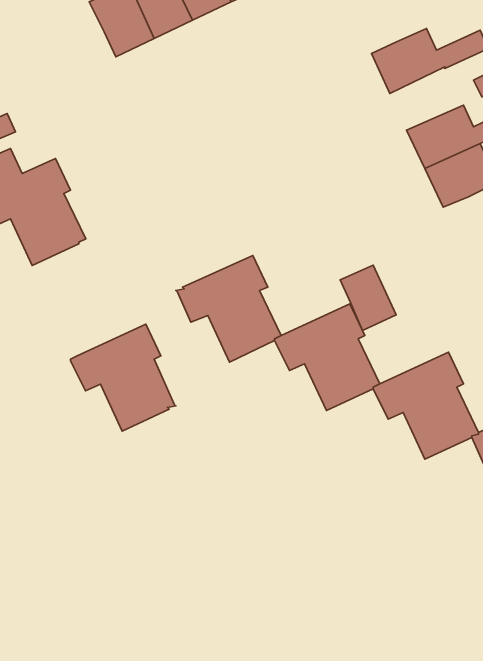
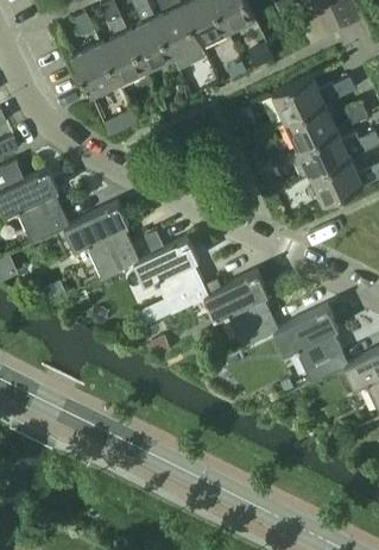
building: none -> [285,104,337,149]
building: [340,265,396,331] -> none
building: [70,324,176,431] -> [64,204,139,280]

